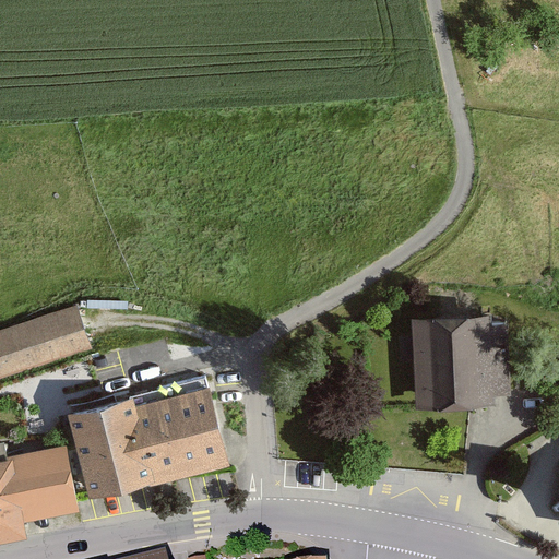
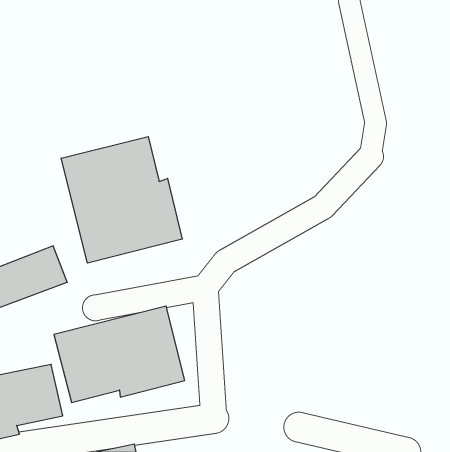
building: none -> [61,137,182,263]
building: [409,313,512,414] -> none

